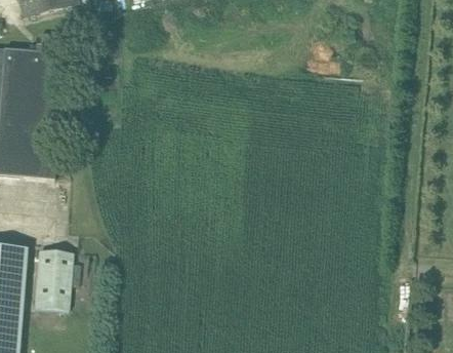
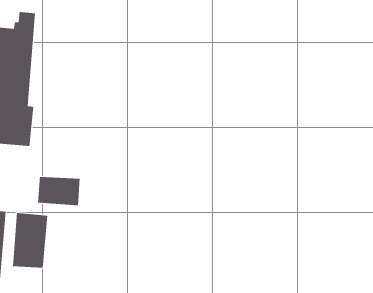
building: none -> [37,176,80,206]

